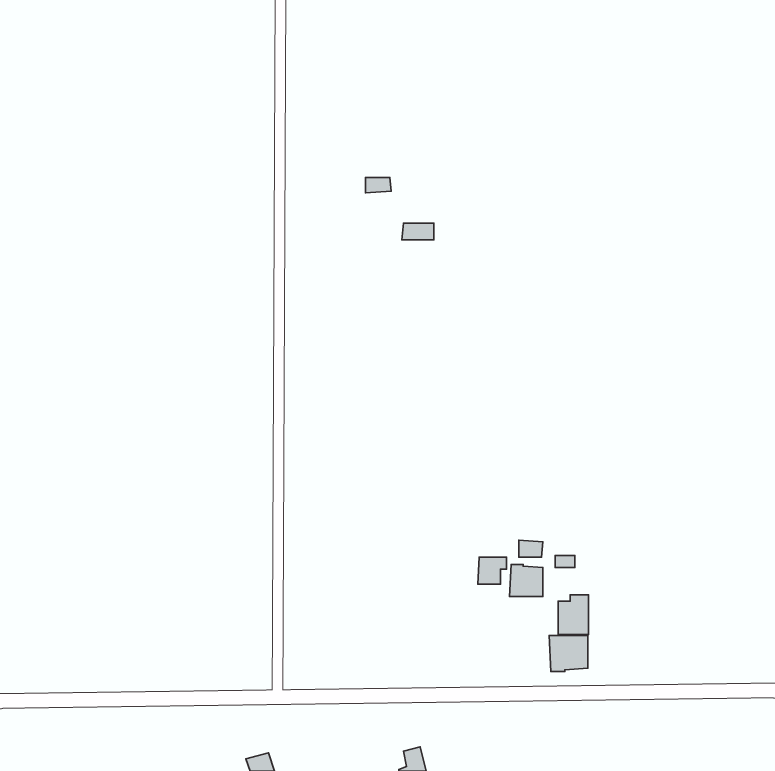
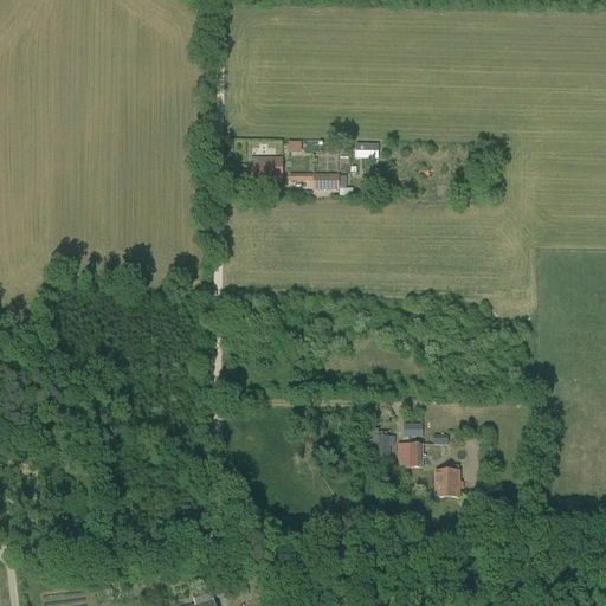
building: none -> [249,156,279,178]
building: [549,635,588,672] -> none

